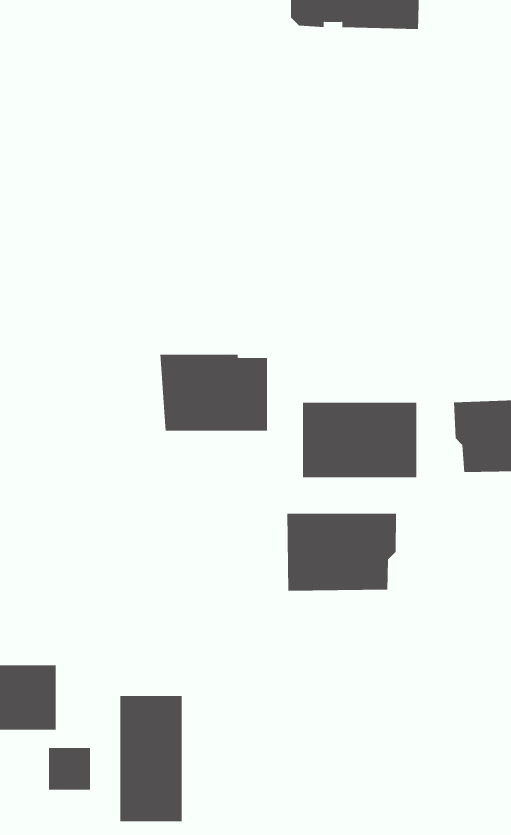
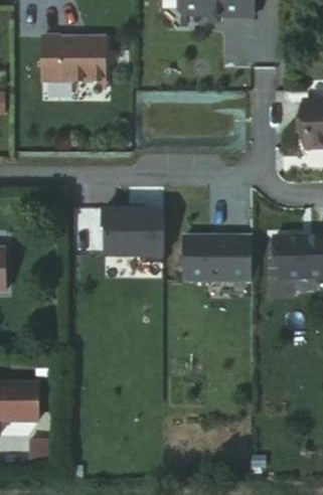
building: none -> [41,39,105,85]
building: [287,513,397,592] -> none
building: [120,695,182,822] -> none

